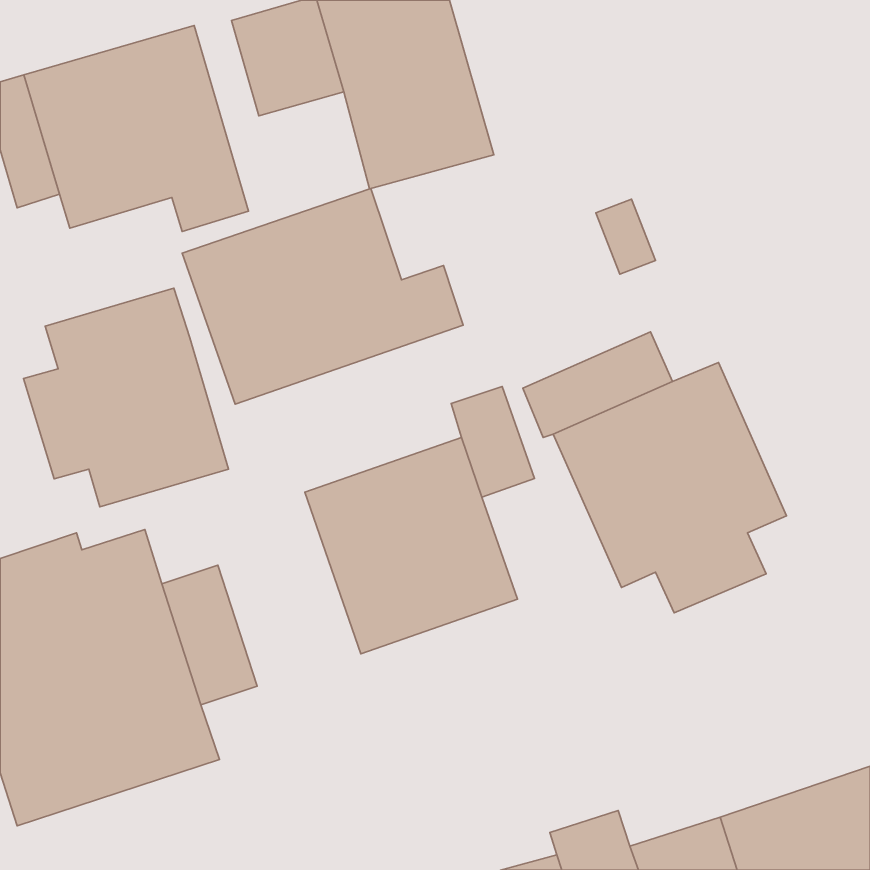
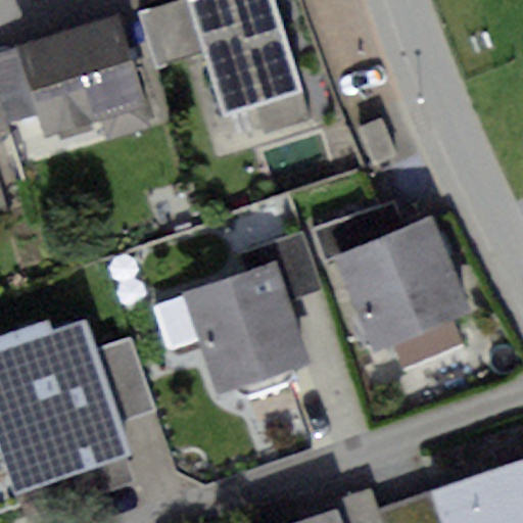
building: [182,189,463,404] -> none
building: [24,288,228,507] -> none

